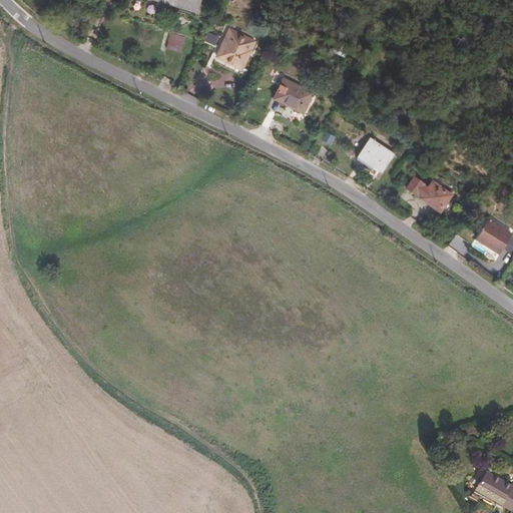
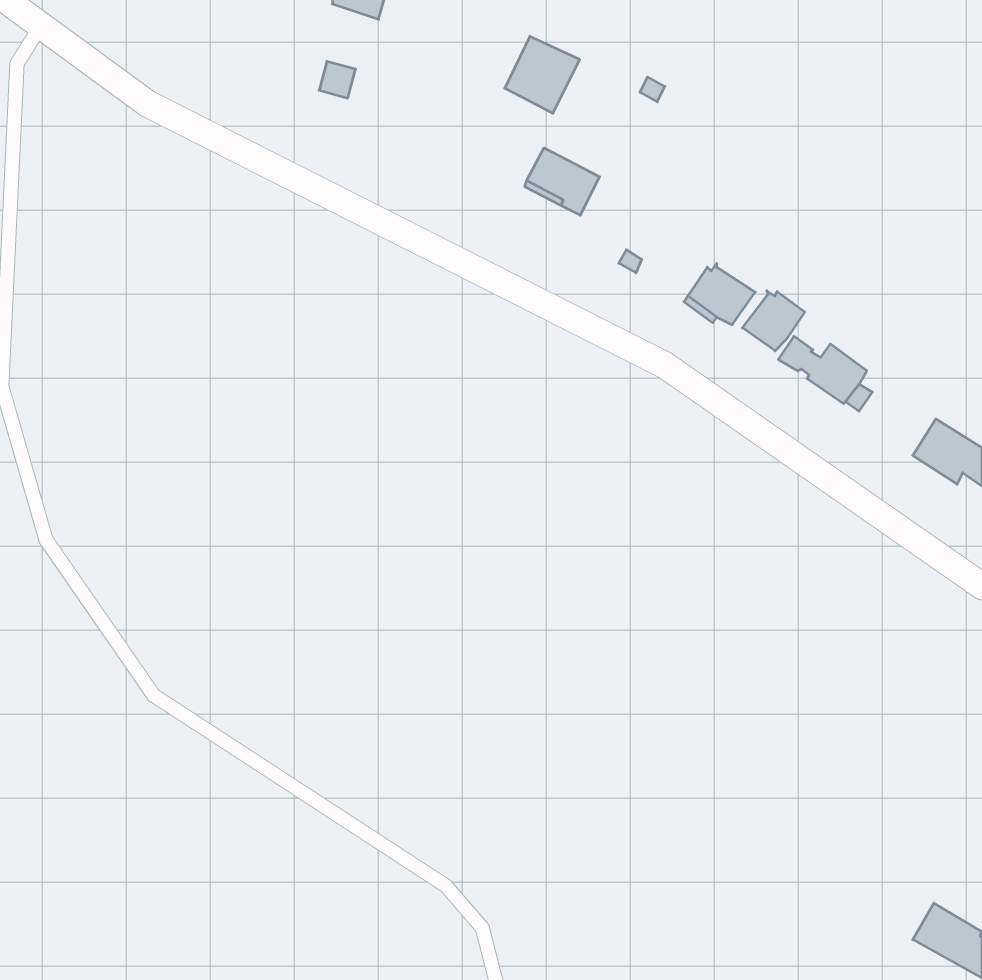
building: [216,28,255,68] -> [505,36,580,113]
building: none -> [742,291,805,351]

